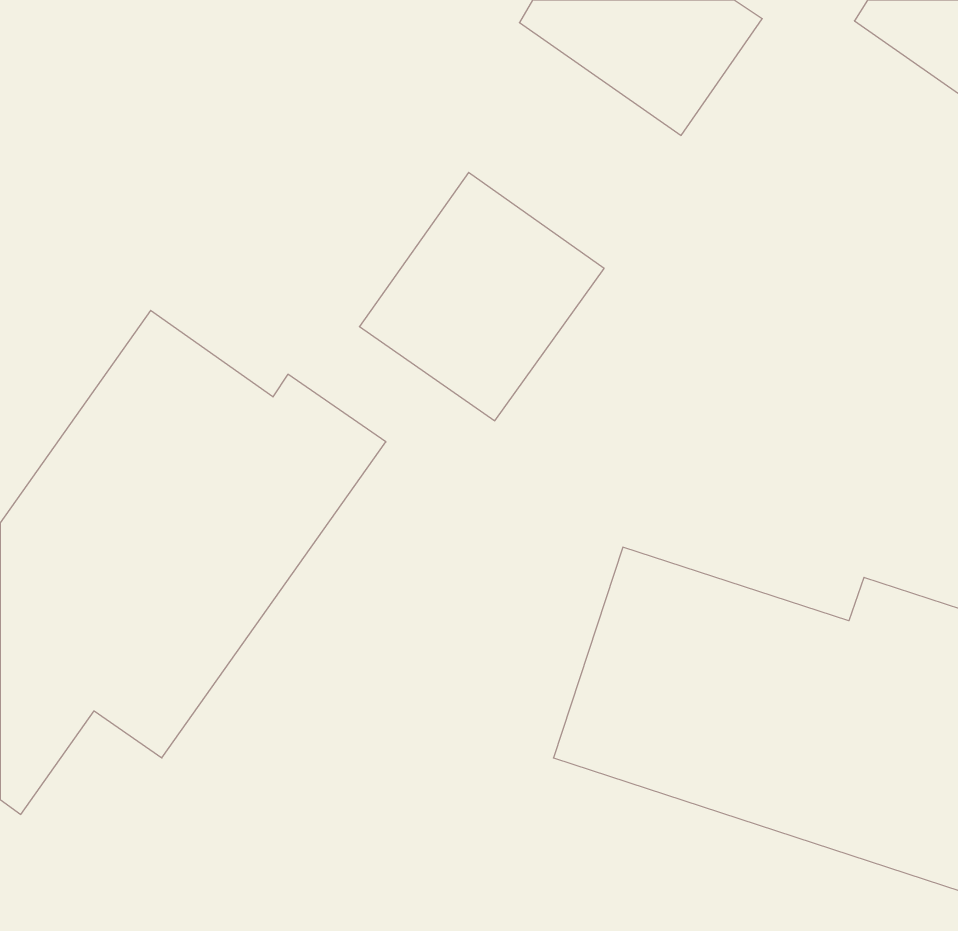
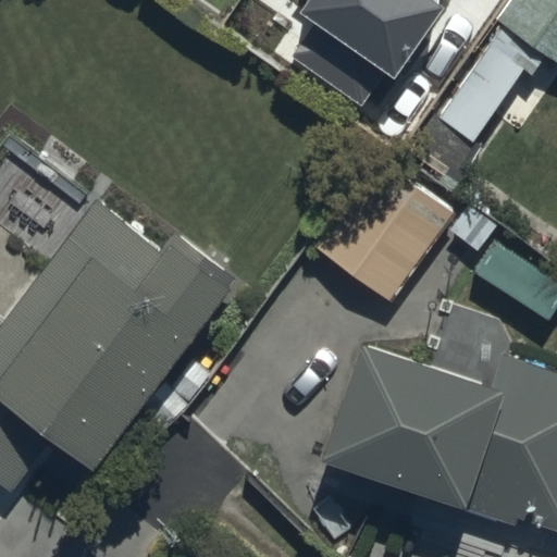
building: [359,172,604,421] -> [319,160,460,304]

